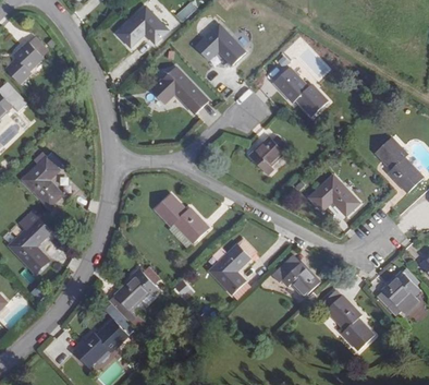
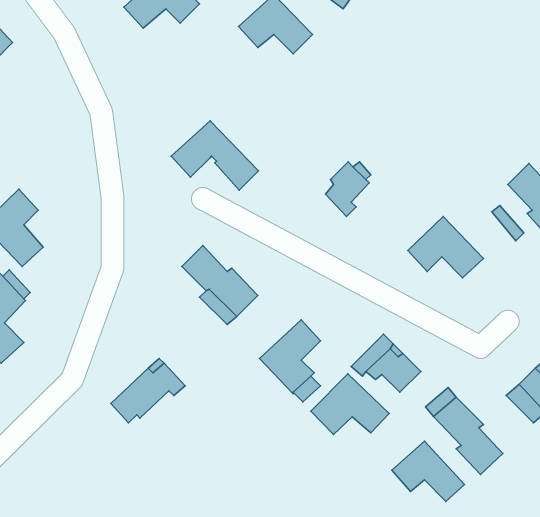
building: [149,68,208,115] -> [171,121,258,190]
building: [274,68,327,116] -> none
building: none -> [311,374,389,434]
building: [75,316,132,366] -> none
building: none -> [392,441,465,502]

